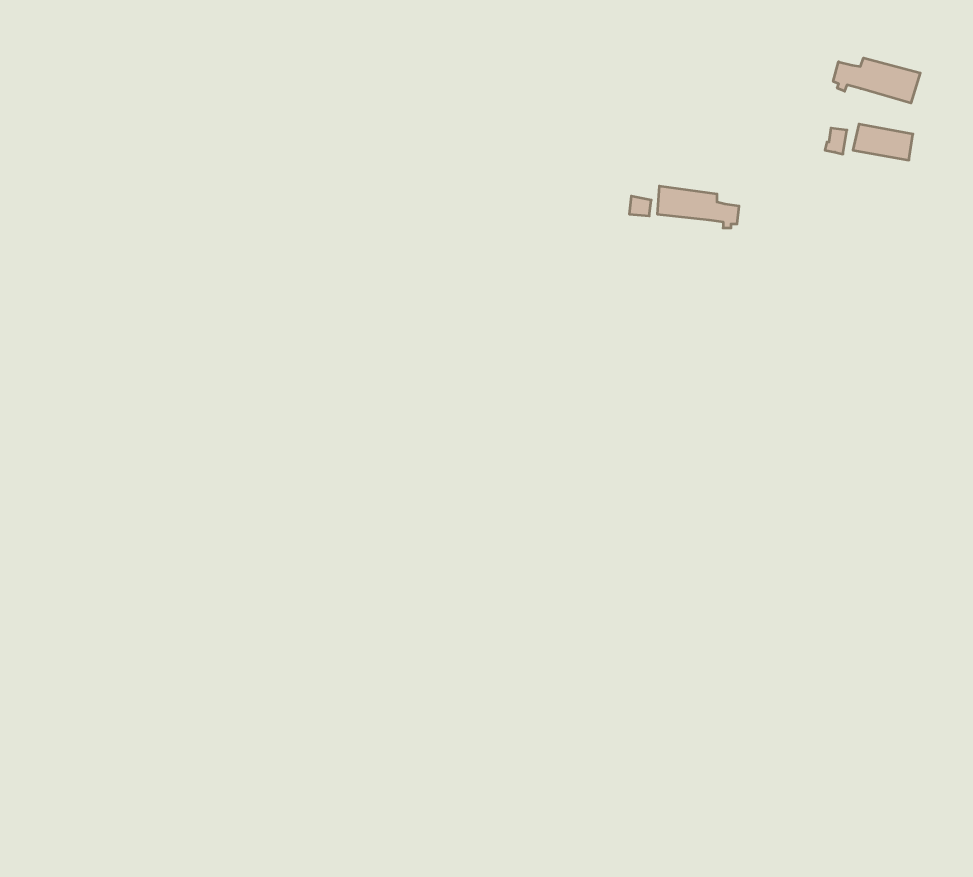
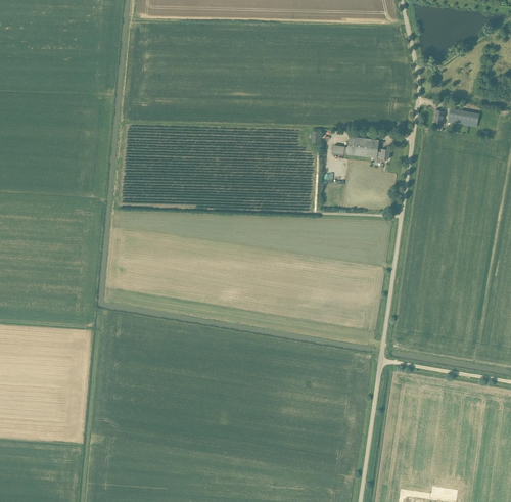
building: [833,58,920,103] -> none

